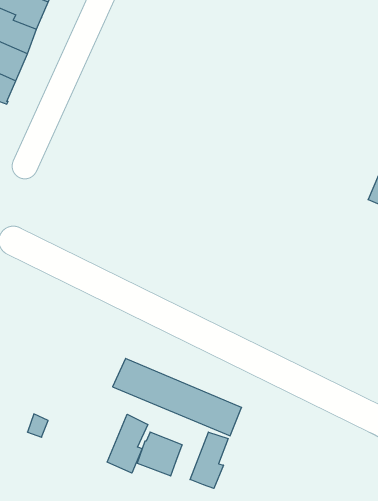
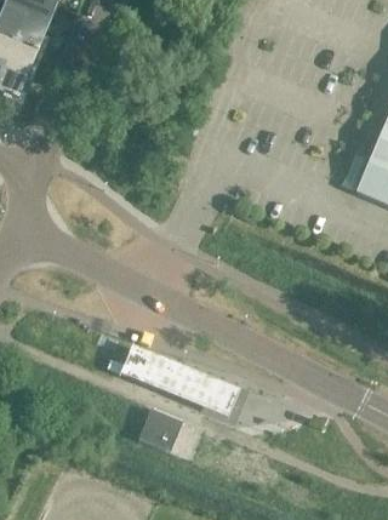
building: [107,414,148,473] -> none
building: [190,432,228,488] -> none

